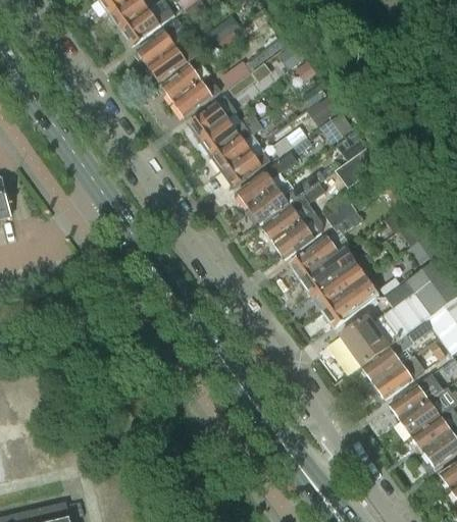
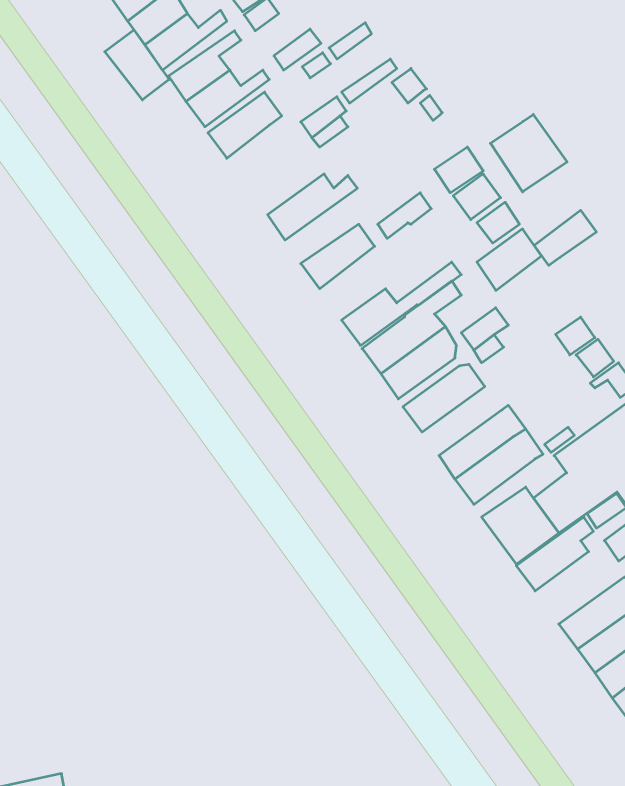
building: none -> [105,30,169,100]
building: none -> [490,114,567,192]
building: [173,82,220,118] -> none
building: [188,96,237,140] -> none
building: [211,122,262,171] -> none
building: none -> [534,210,596,265]
building: [237,153,295,208] -> none
building: [300,248,356,296] -> none
building: [373,357,417,399] -> none

